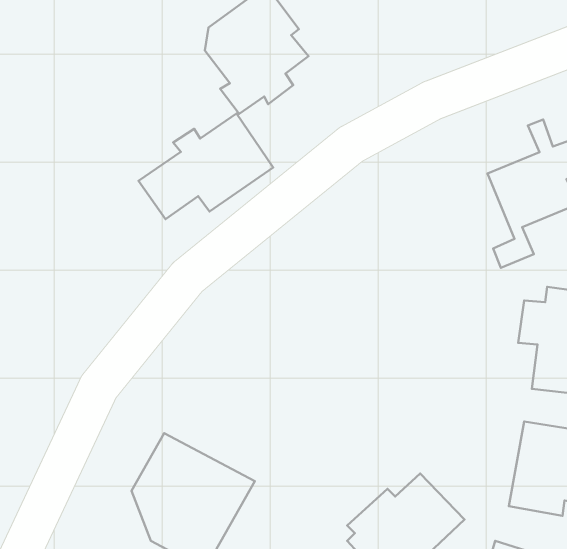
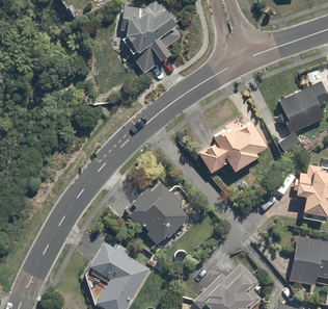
building: [138,114,273,219] -> [196,119,269,176]
building: none -> [124,185,190,248]

